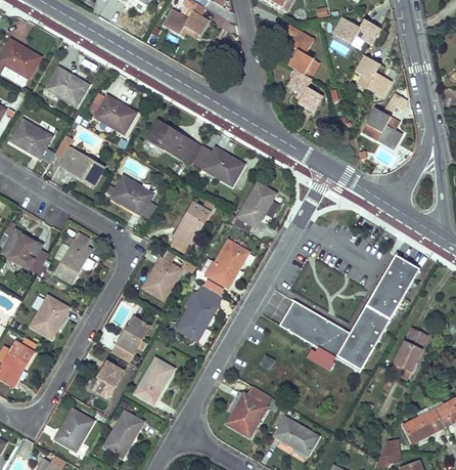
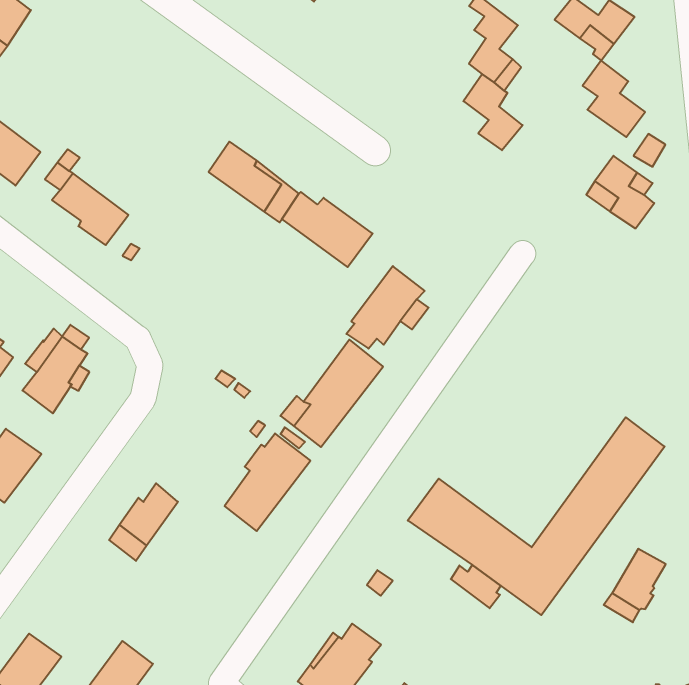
building: [45,69,87,106] -> none
building: [94,97,134,134] -> none
building: [110,176,158,222] -> none
building: [176,202,212,245] -> none
building: [142,257,181,298] -> none
building: [133,357,172,403] -> none
building: [92,361,122,398] -> none

